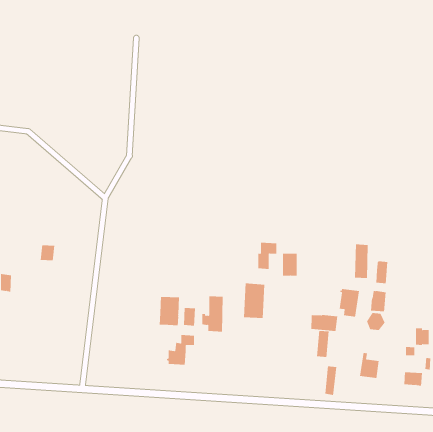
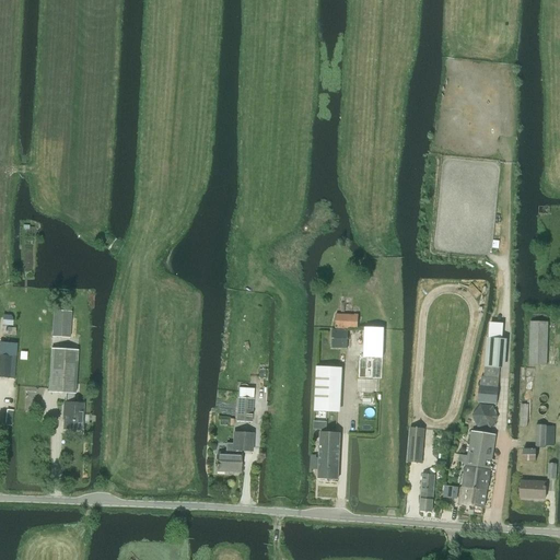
building: [354,244,369,279] -> [530,320,549,365]
building: none -> [48,348,83,429]
building: [339,288,360,317] -> [468,429,495,466]
building: [202,296,224,332] -> [312,432,340,479]
building: [159,296,180,326] -> none
building: [311,314,338,332] -> none
building: none -> [459,486,487,506]

